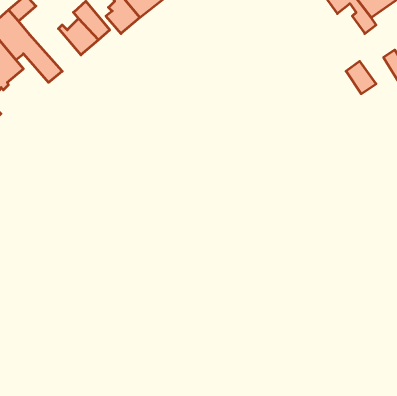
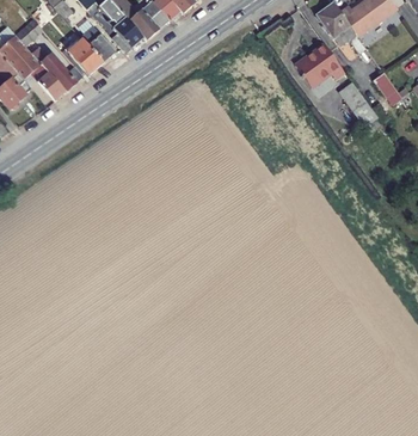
building: none -> [291,41,343,86]
building: none -> [36,51,82,91]

